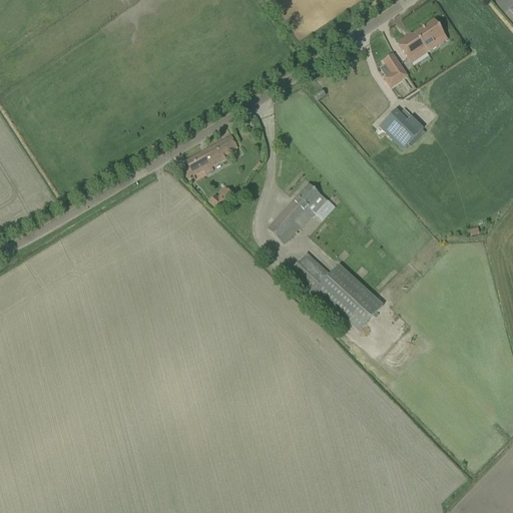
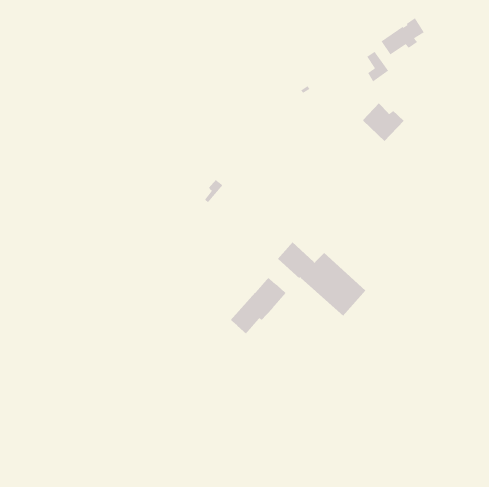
building: [183,134,238,178] -> none
building: [269,182,328,242] -> [230,277,286,334]

